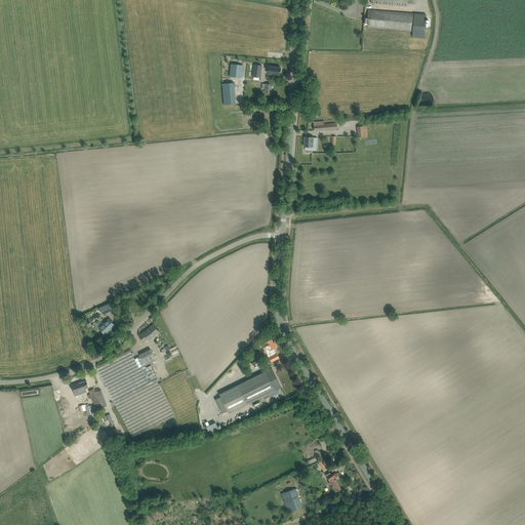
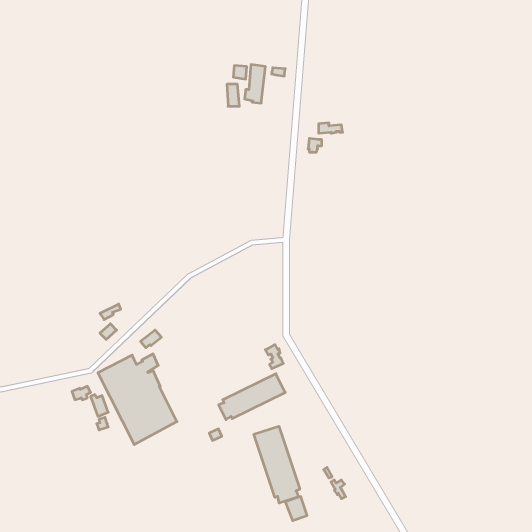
building: [367,10,426,38] -> none
building: none -> [254,426,300,503]

